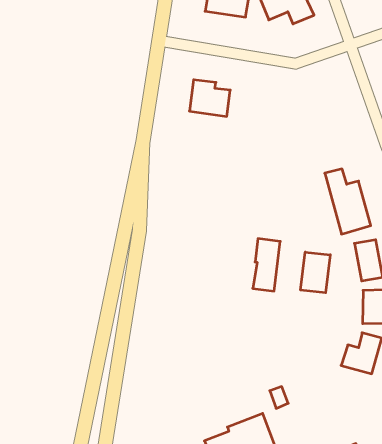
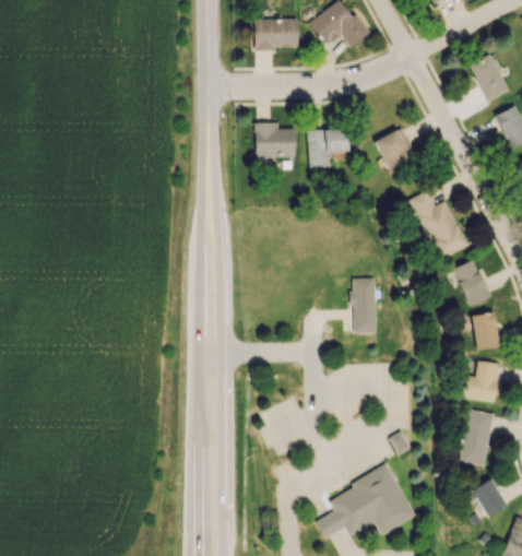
building: none -> [308,129,347,168]
building: none -> [375,130,410,170]
building: [301,252,330,293] -> none
building: none -> [460,410,494,466]

